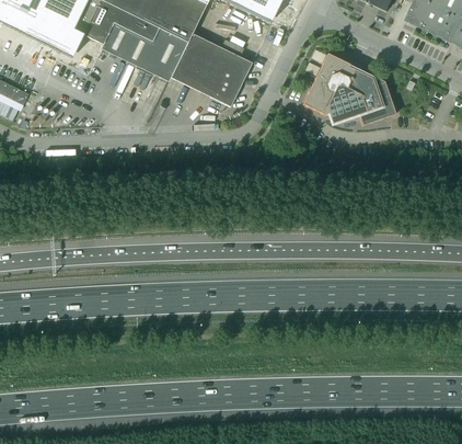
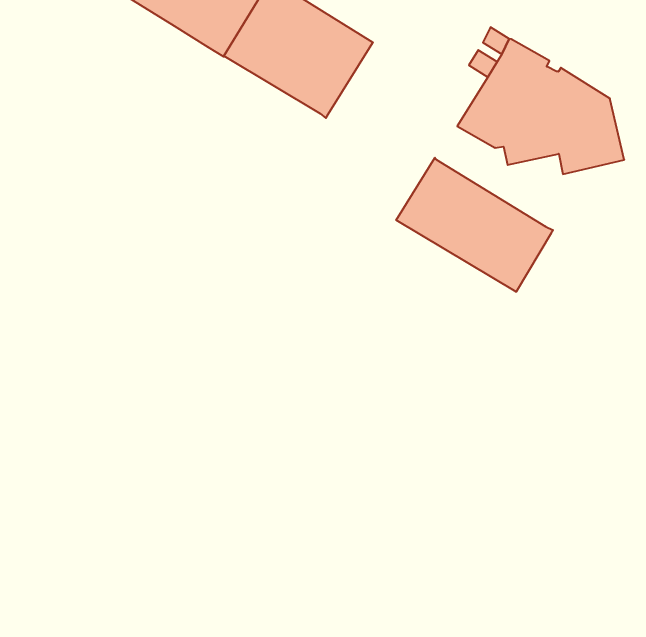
building: none -> [396,158,553,292]

